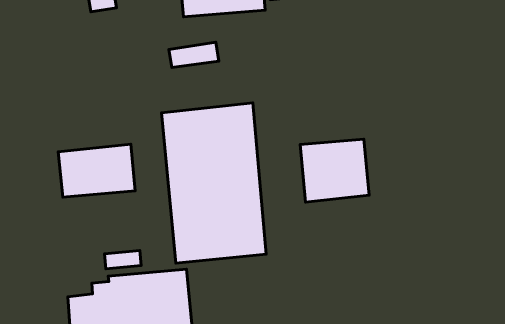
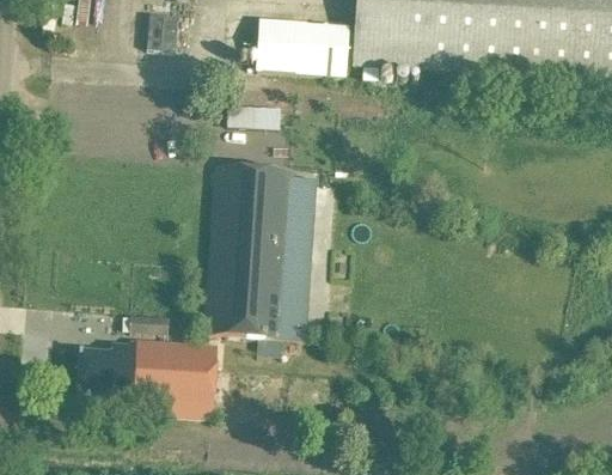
building: [300,139,369,202] -> none
building: [58,144,135,197] -> none

